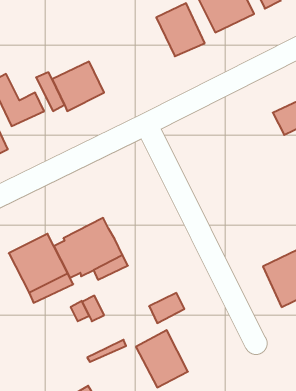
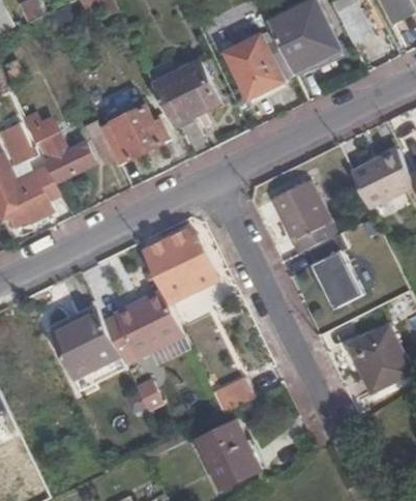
building: none -> [152,60,217,124]
building: none -> [272,179,336,252]
building: none -> [138,228,219,301]
building: none -> [309,248,363,311]

